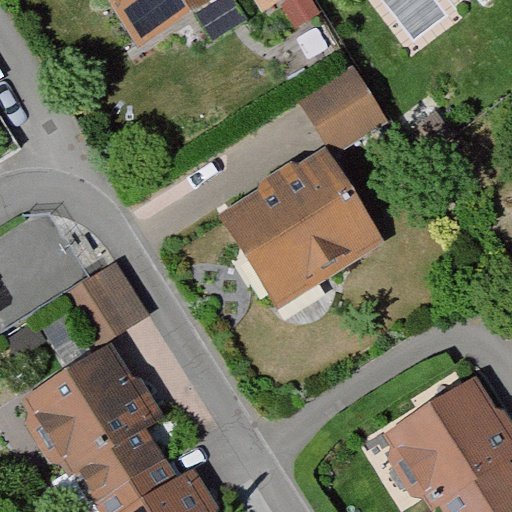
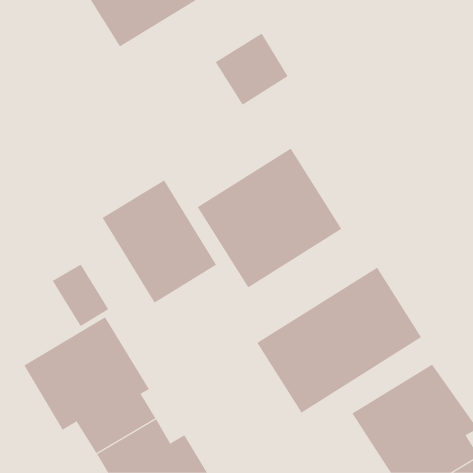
building: [299,73,377,150] -> [215,33,288,105]
building: none -> [102,179,217,303]
building: none -> [257,267,422,413]

